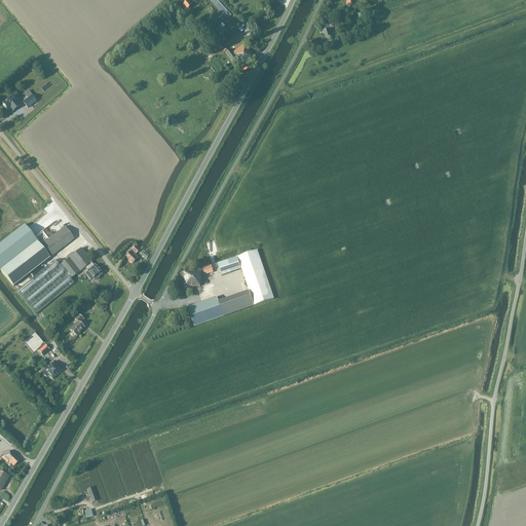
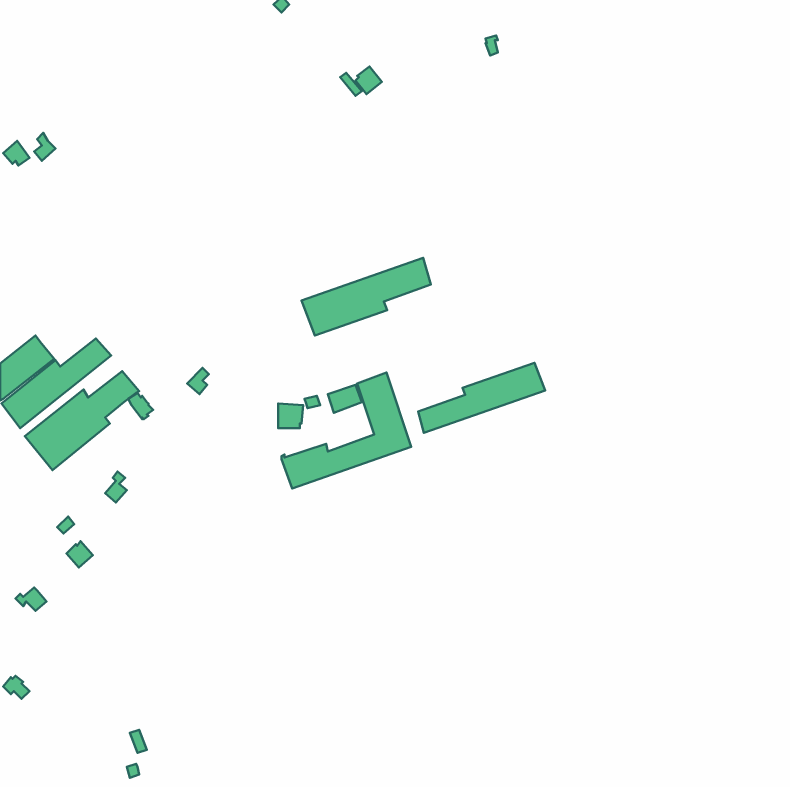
building: none -> [301,258,431,335]
building: none -> [418,363,545,433]

